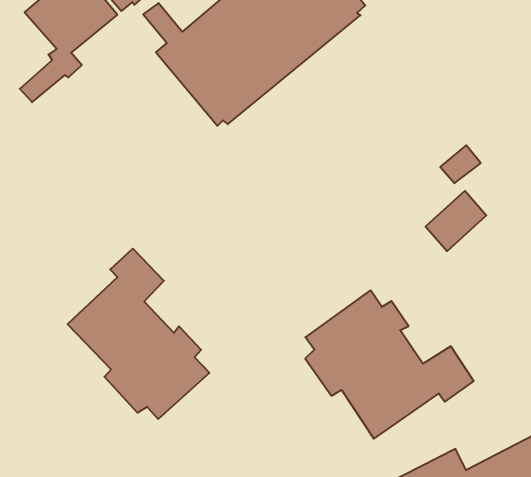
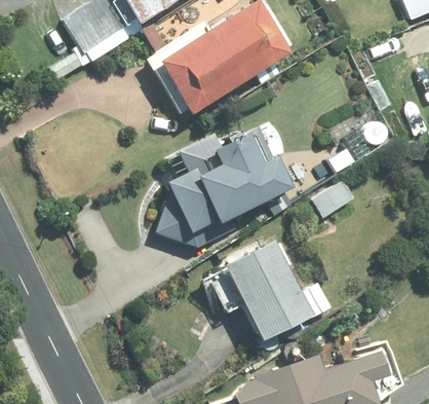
building: none -> [156,127,294,250]
building: [68,249,209,419] -> none

